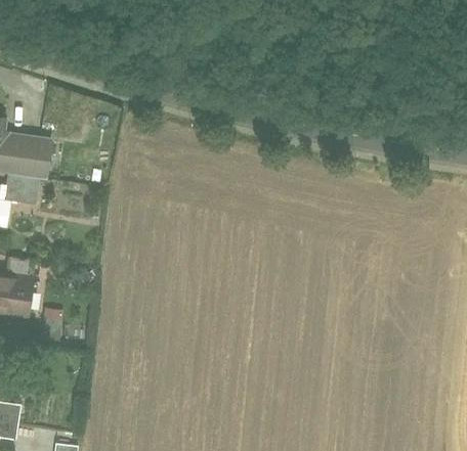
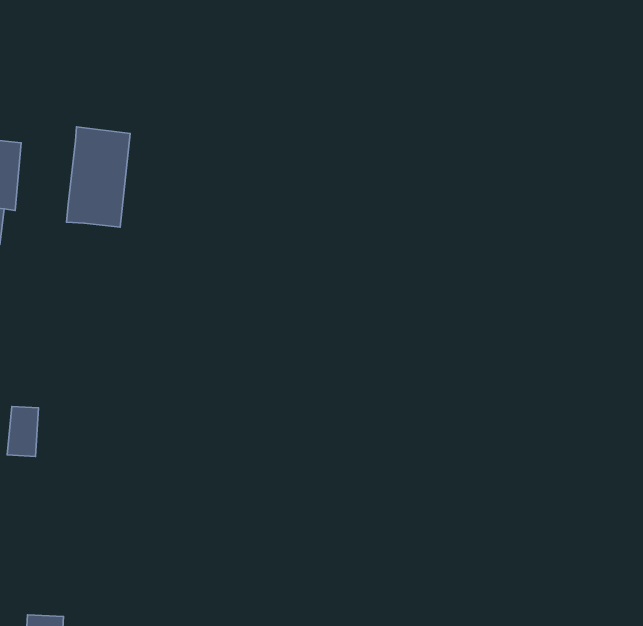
building: none -> [66,127,130,227]

